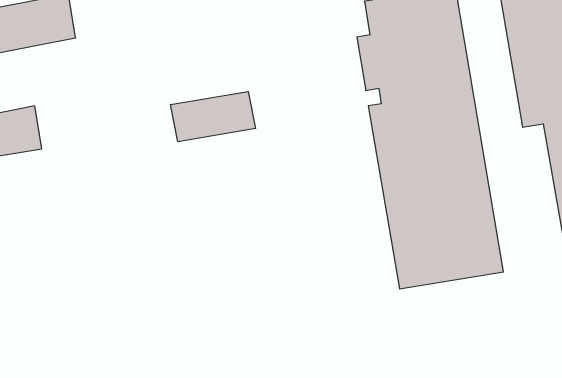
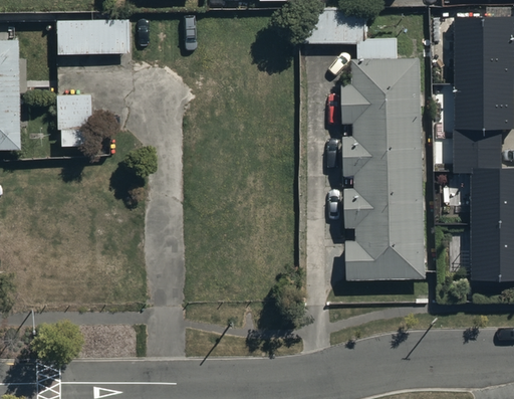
building: [171,91,255,142] -> none

